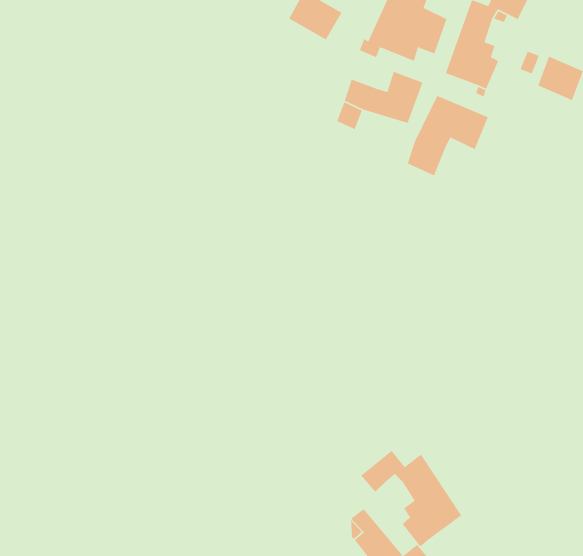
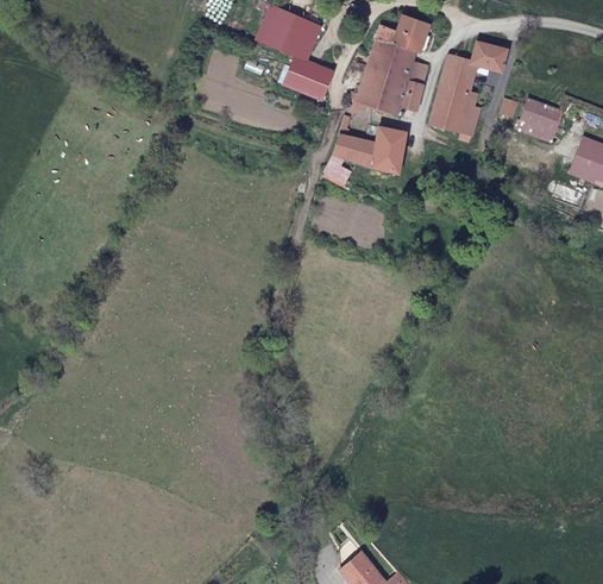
building: [407,95,489,177] -> none
building: [360,450,462,547] -> none

